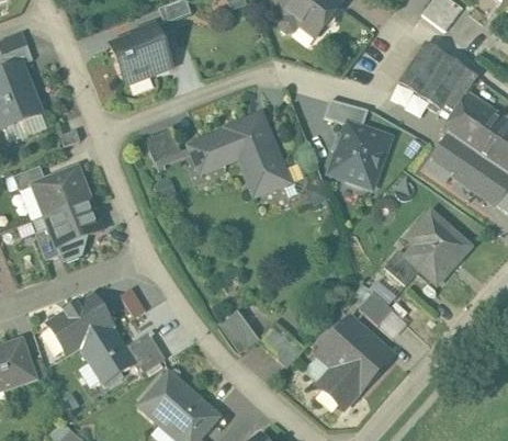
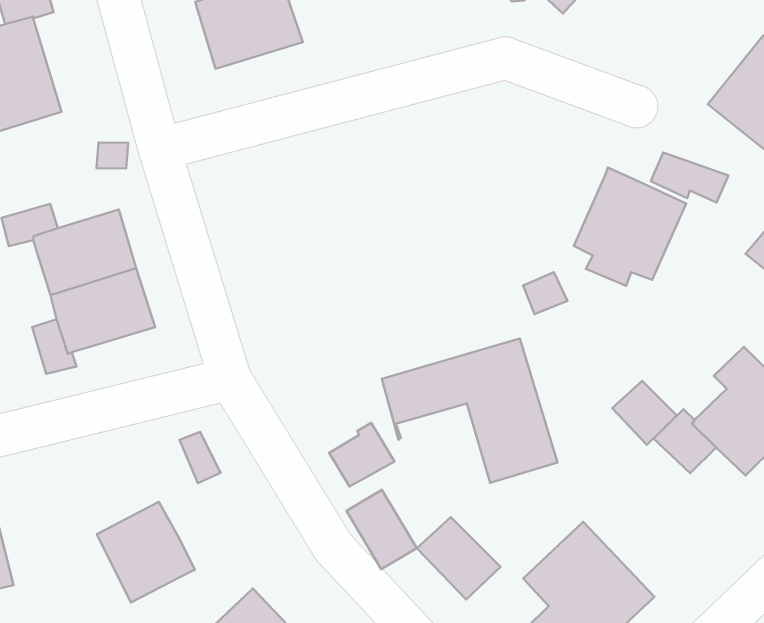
building: [325,100,368,125] -> [651,153,729,202]
building: [189,114,290,195] -> [382,339,557,483]
building: [145,127,180,161] -> none
building: none -> [329,423,395,486]
building: [358,291,394,326] -> [612,381,677,445]
building: [47,293,114,353] -> none
building: [126,329,166,373] -> none

